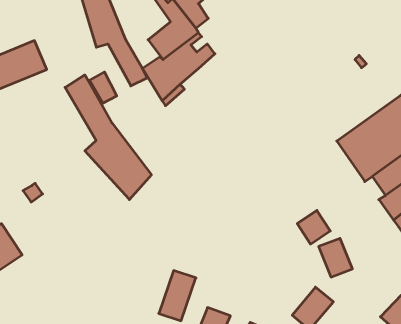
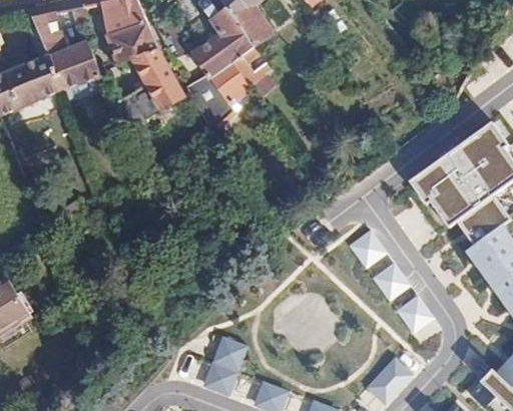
building: none -> [33,11,102,89]
building: [65,75,151,200] -> none
building: none -> [347,229,385,267]

